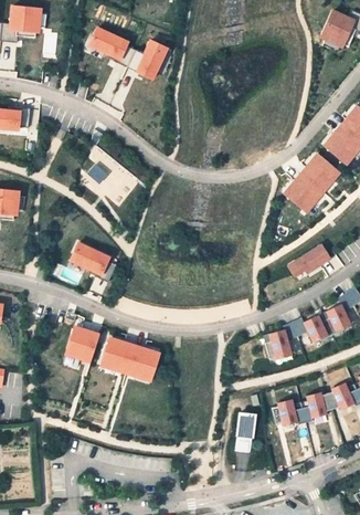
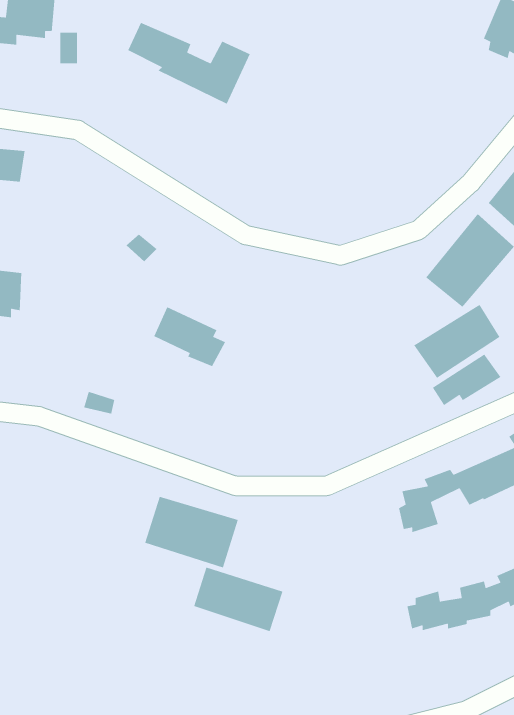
building: none -> [413,304,501,379]
building: [68,241,116,281] -> [153,306,226,367]
building: [65,324,100,362] -> none
building: none -> [193,566,284,632]
building: [234,416,254,453] -> none

